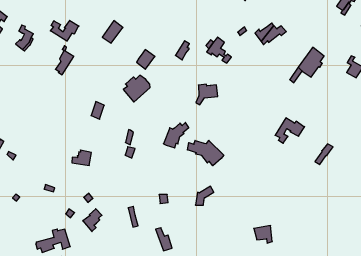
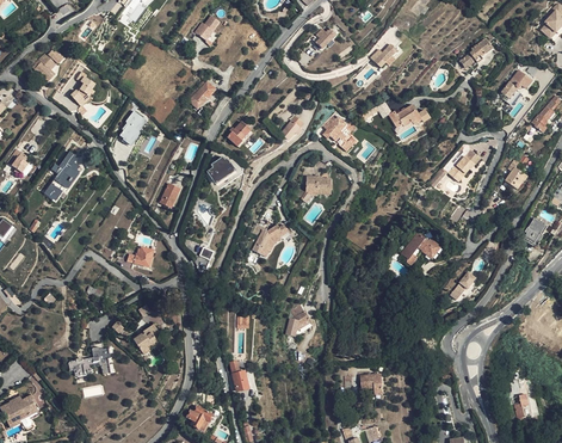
building: [50,20,79,41] -> none
building: none -> [44,150,80,201]
building: [187,140,224,166] -> none

